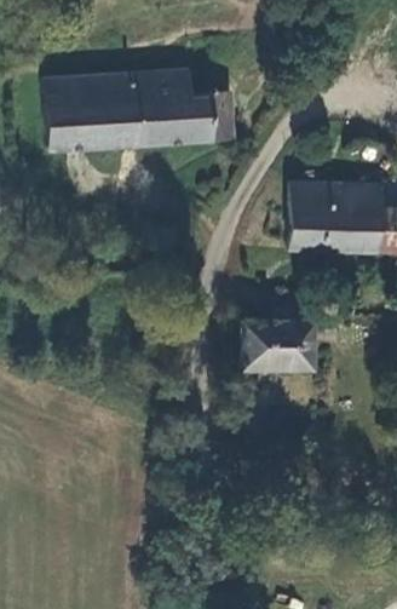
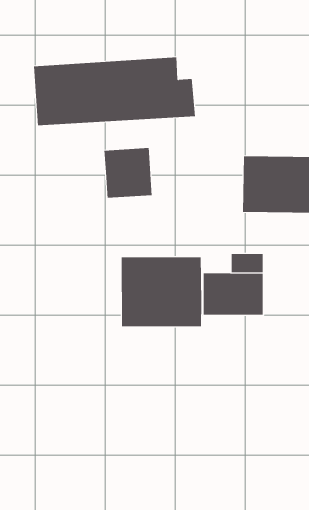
building: none -> [104,147,152,199]
building: none -> [121,257,202,327]

